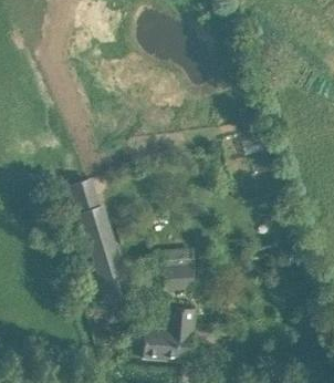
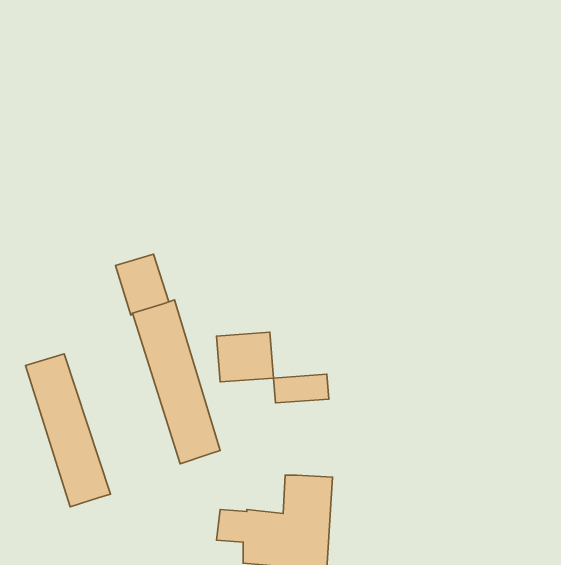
building: none -> [25,354,110,507]
building: [161,262,195,291] -> [216,332,274,382]

